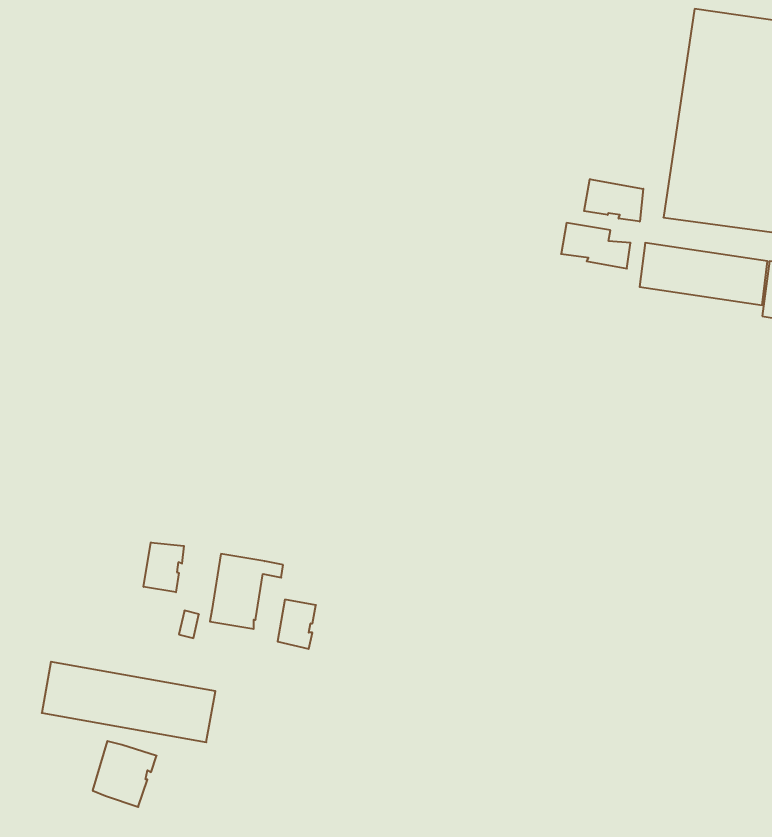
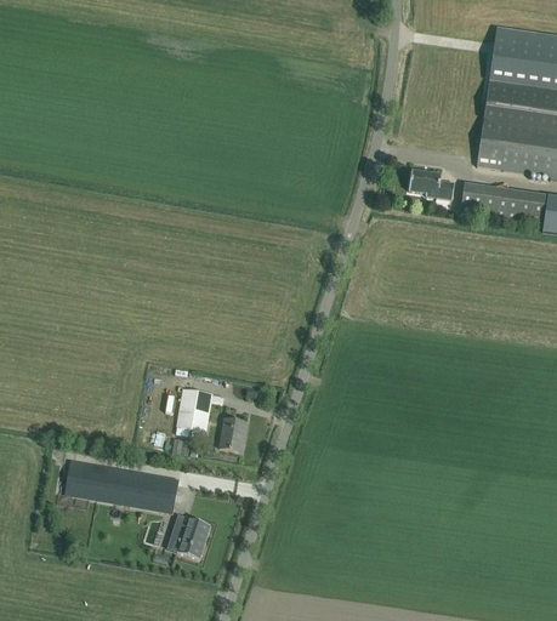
building: [584,179,643,222] -> none
building: [144,542,184,592] -> none
building: [93,741,157,807] -> [167,514,210,558]

